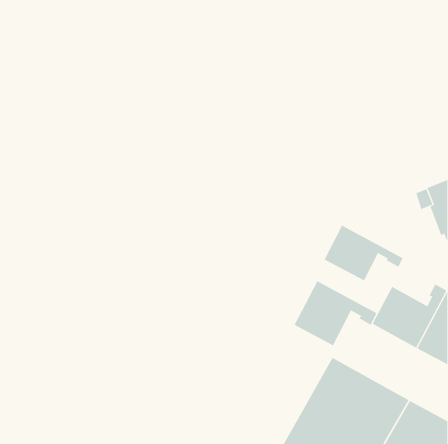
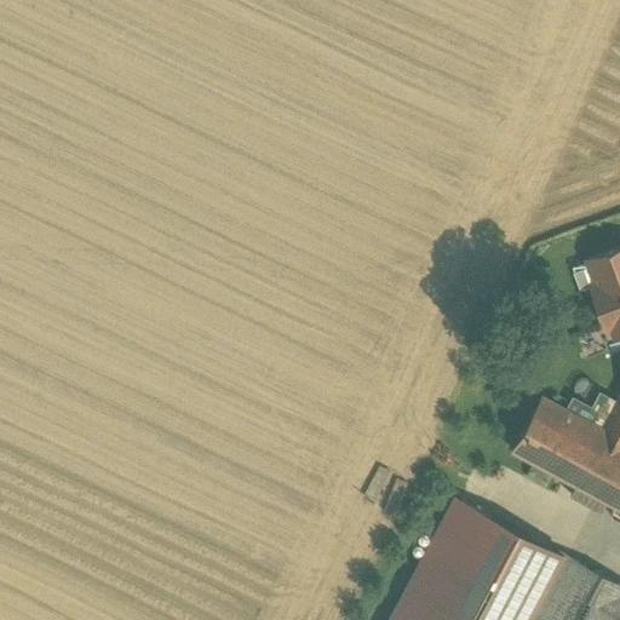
building: [324,225,403,281] -> none
building: [294,281,377,346] -> none

